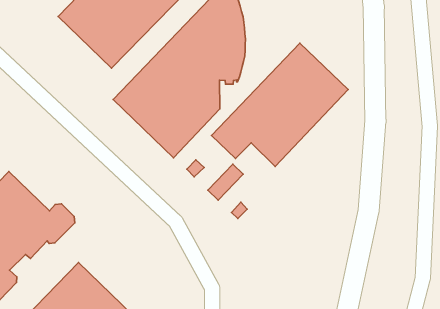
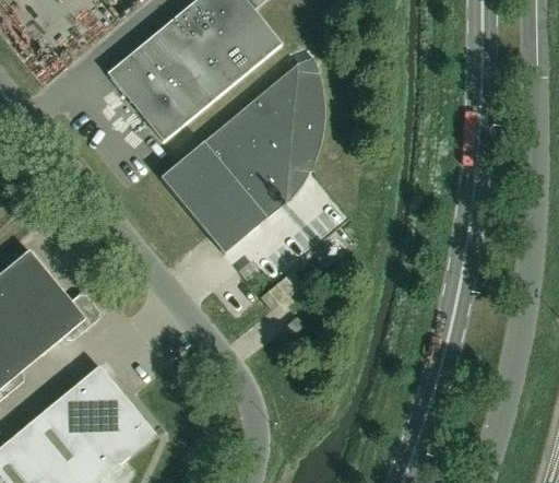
building: [211,43,348,167] -> none

